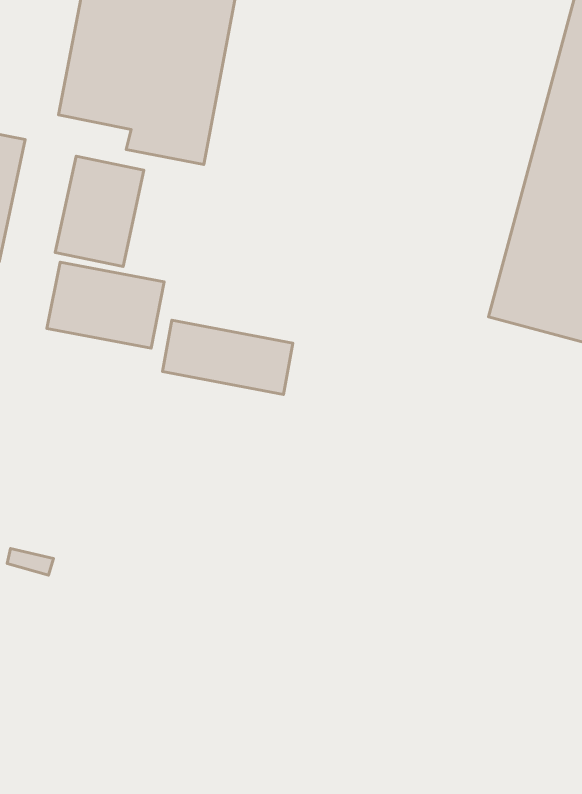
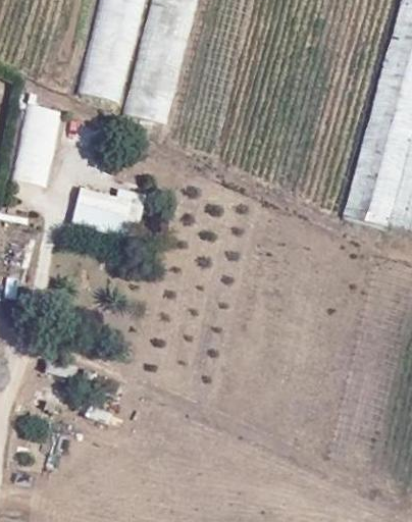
building: [55,156,144,267] -> none
building: [163,320,293,395] -> none

